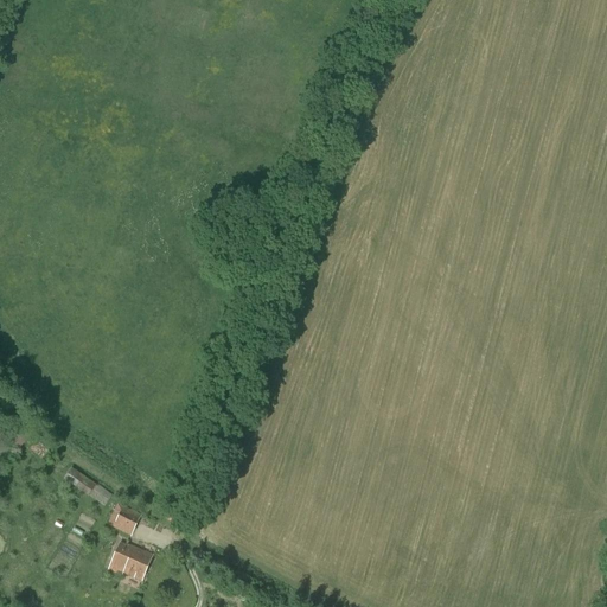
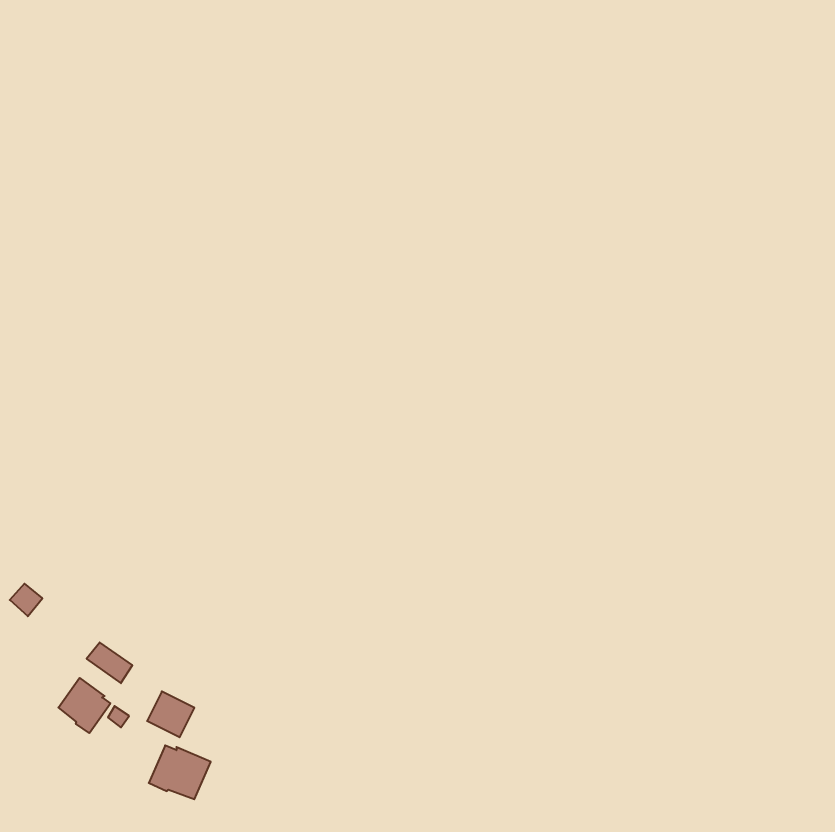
building: none -> [58,678,110,733]

